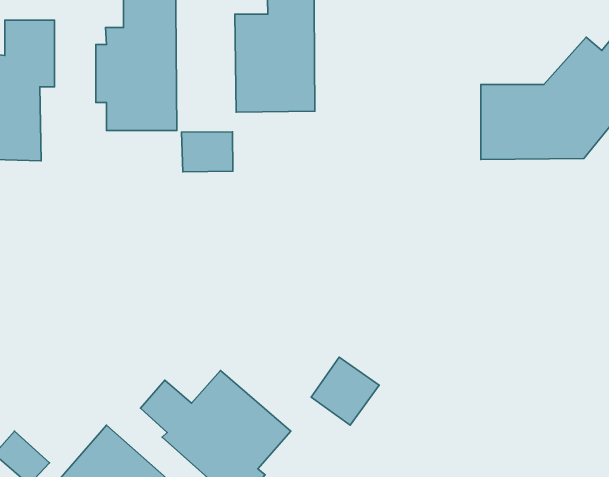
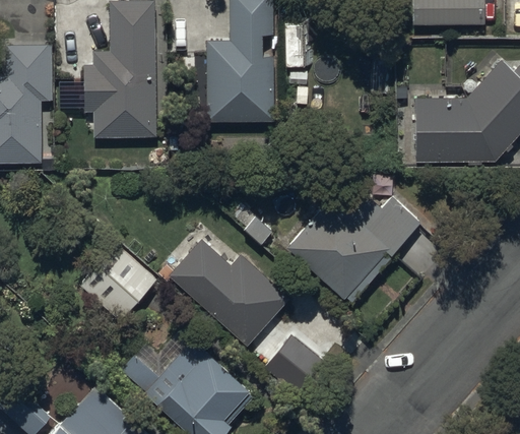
building: [182,132,233,172] -> none
building: none -> [284,191,417,304]
building: none -> [73,238,155,319]
building: none -> [173,238,291,343]

